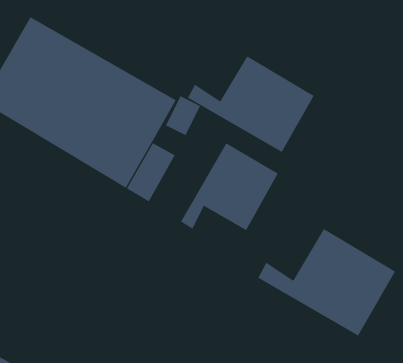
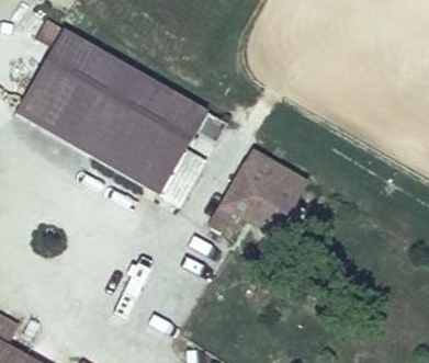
building: [187,55,314,153] -> none
building: [257,228,396,337] -> none

